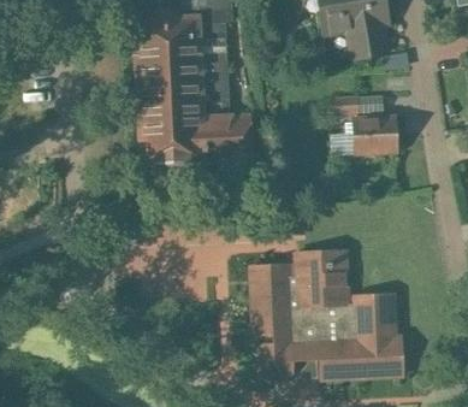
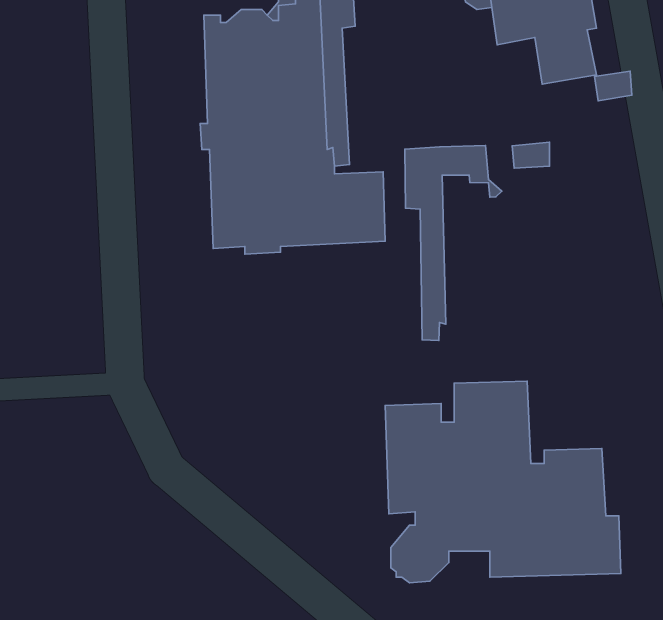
building: none -> [405,145,502,341]
building: [354,117,398,153] -> none

